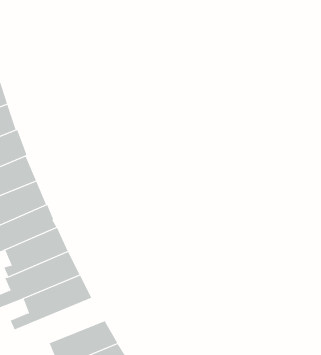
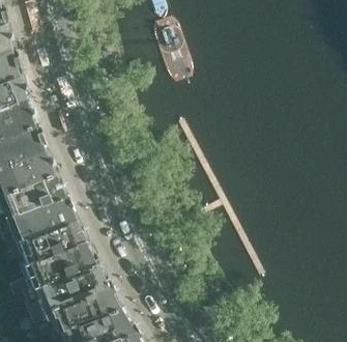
building: none -> [34,285,121,331]

